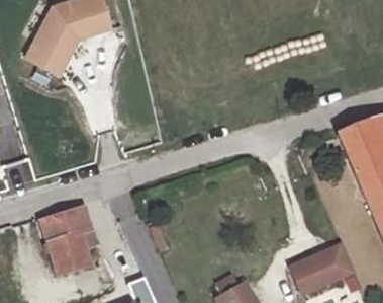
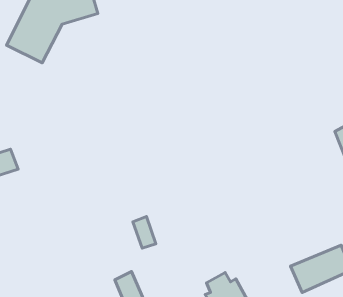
building: [43,205,93,272] -> none

